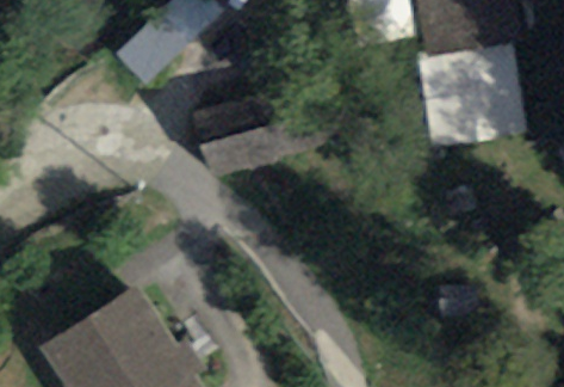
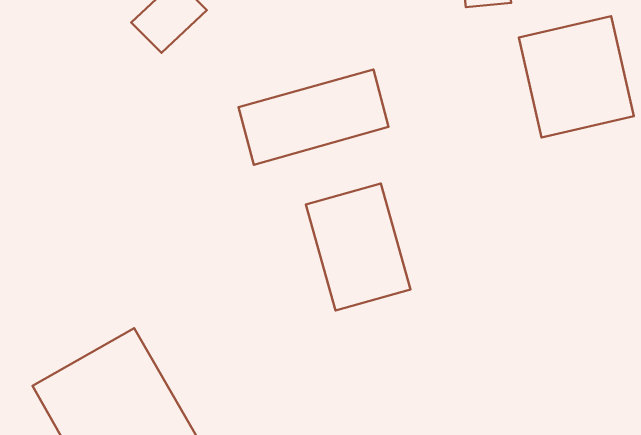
building: none -> [306,184,411,310]

